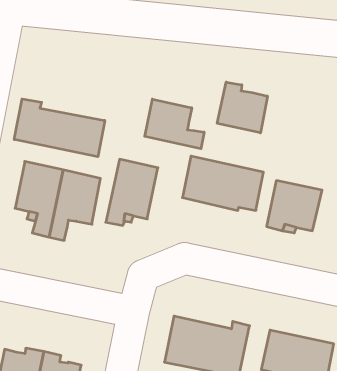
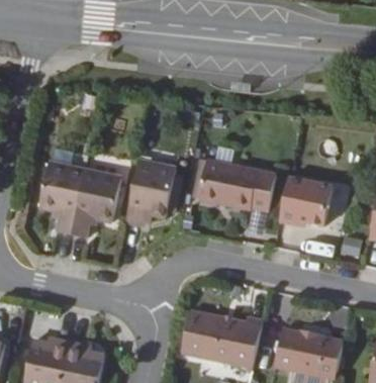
building: [217,82,267,133] -> none
building: [14,99,105,157] -> none
building: [145,99,204,149] -> none

